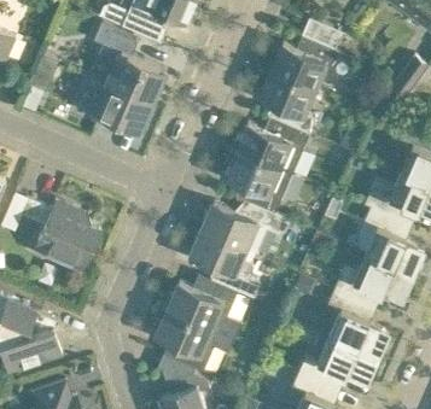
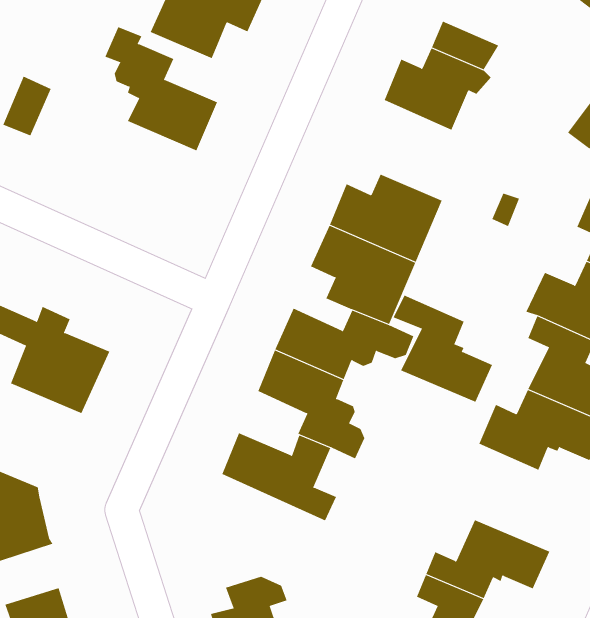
building: [258,70,314,134] -> none
building: [77,83,151,134] -> none
building: [324,290,388,358] -> [393,295,493,403]
building: [155,309,233,372] -> none

